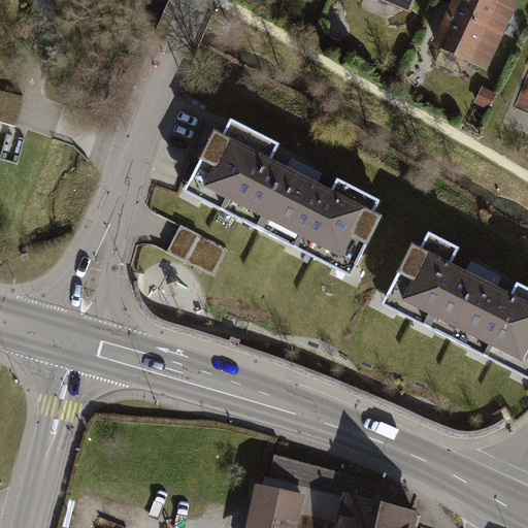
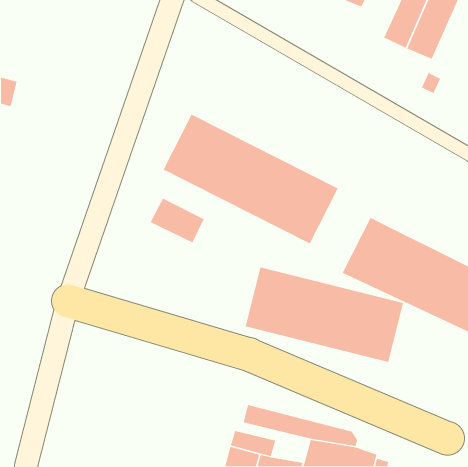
building: none -> [245,266,404,363]

